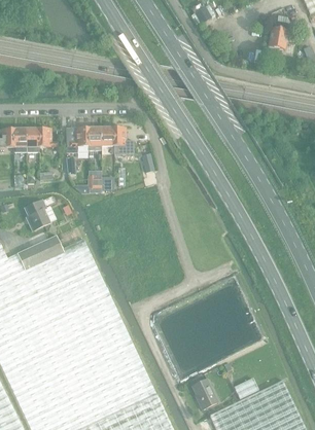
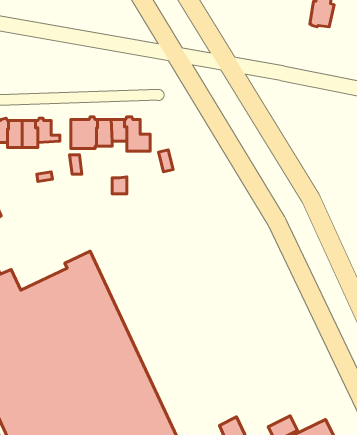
building: [25,201,57,231] -> none
building: [16,237,64,273] -> none

